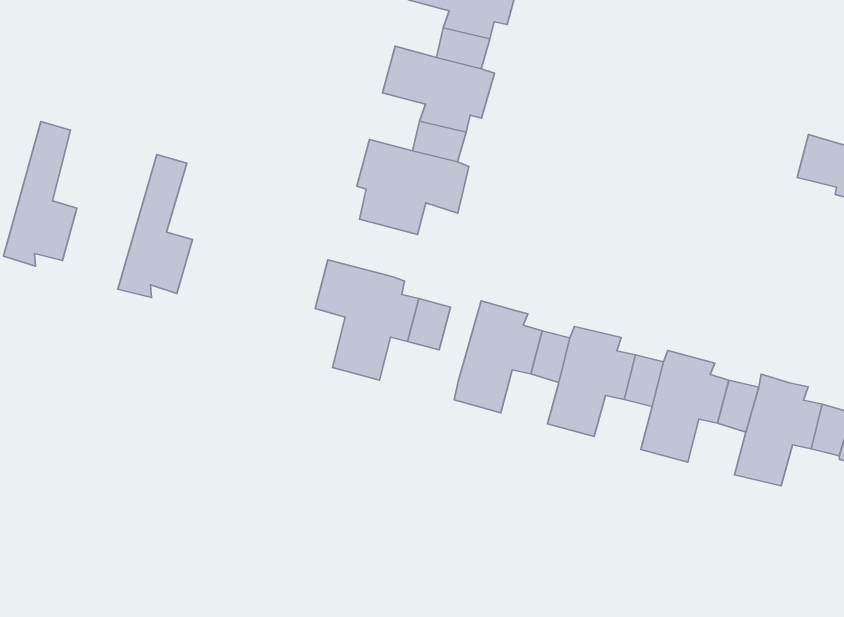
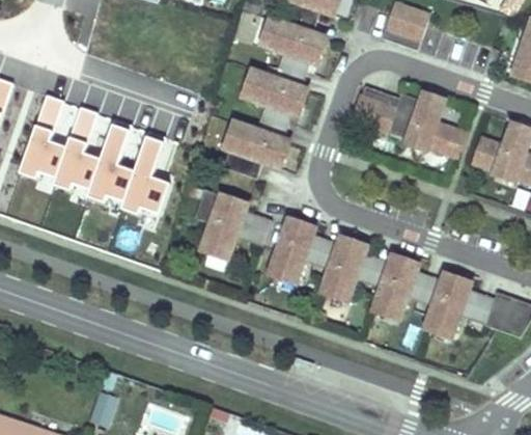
building: none -> [354,85,465,155]
building: none -> [52,109,96,190]
building: none -> [117,132,161,214]

